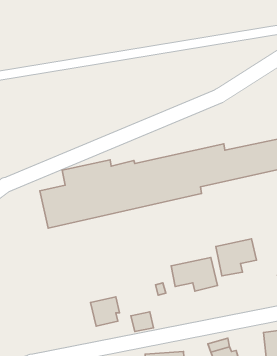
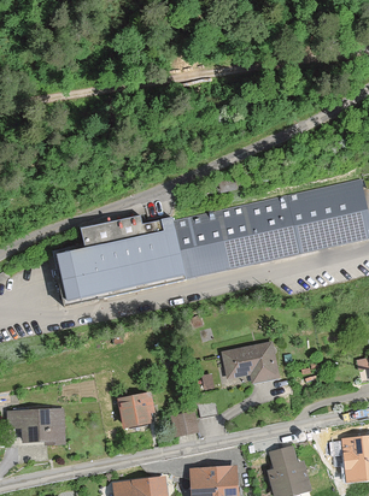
building: [216,239,257,276] -> none
building: none -> [6,409,64,447]

